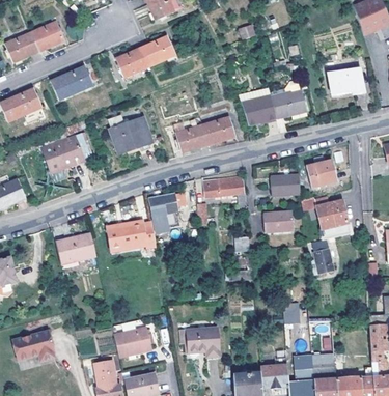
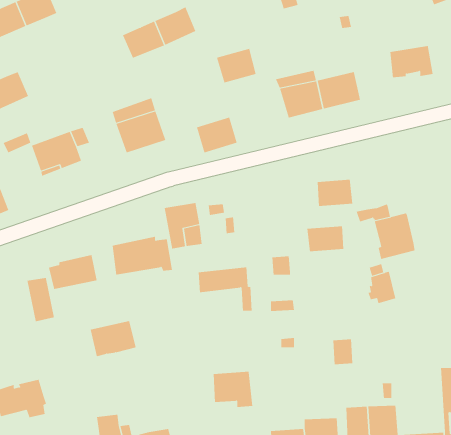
building: [51,66,92,101] -> none
building: [201,117,233,145] -> [216,48,256,83]
building: [306,154,337,188] -> none
building: [203,176,247,211] -> [198,267,252,311]
building: none -> [27,277,54,322]
building: [113,328,150,357] -> [90,320,136,357]

